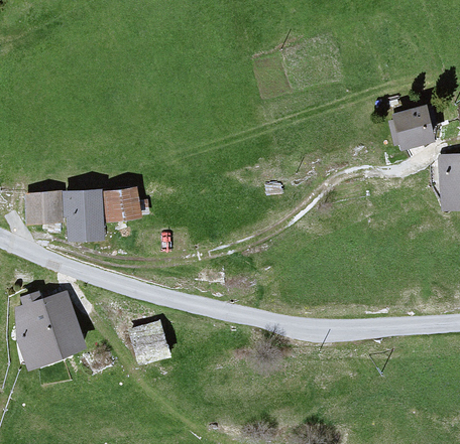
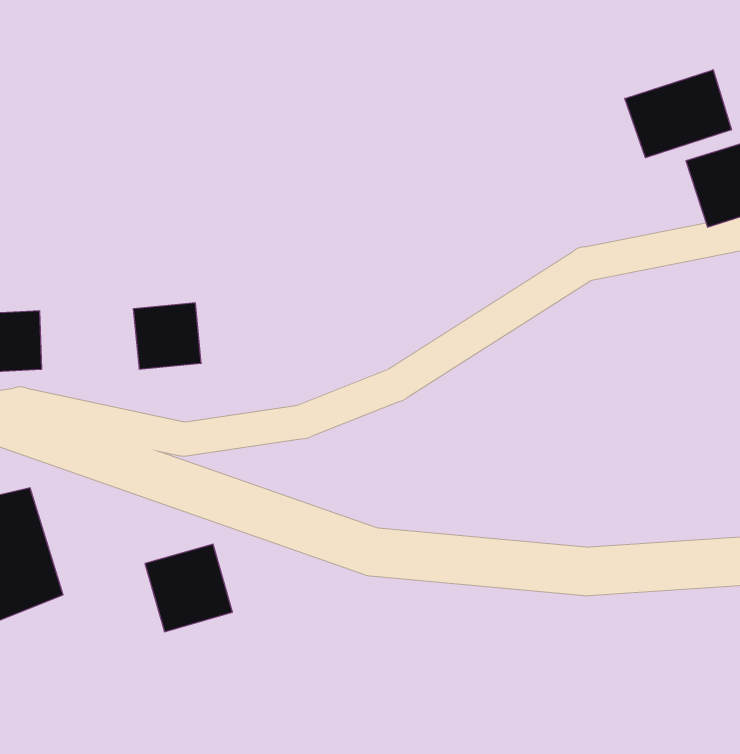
building: none -> [625,70,731,158]
building: [76,191,112,241] -> none

